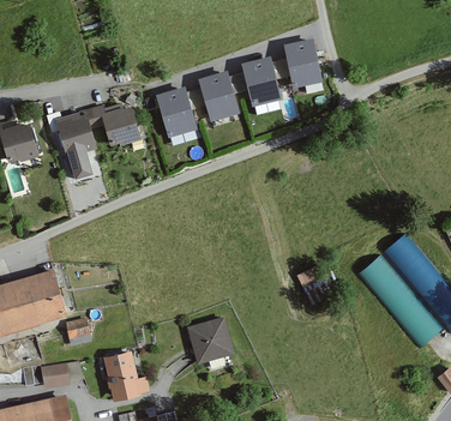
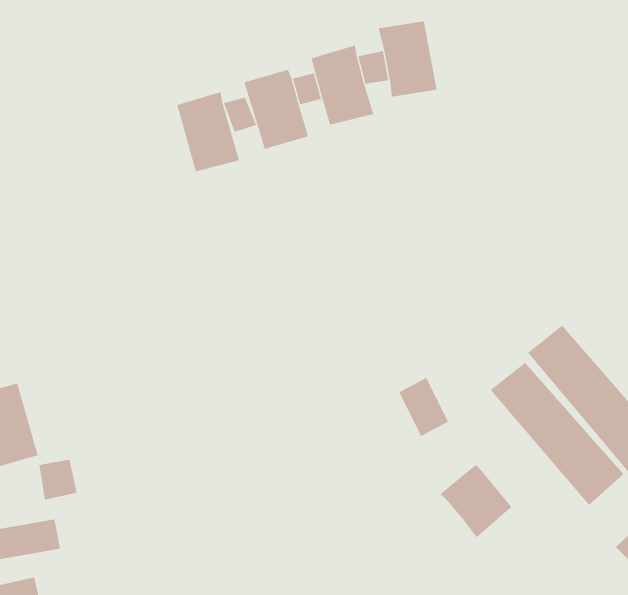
building: [54,106,140,181] -> none
building: [186,317,234,365] -> none
building: none -> [439,464,512,538]
building: [102,349,149,399] -> none

